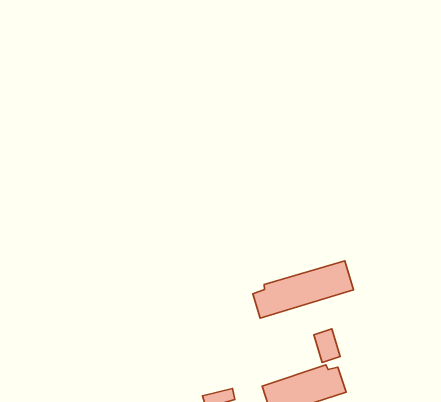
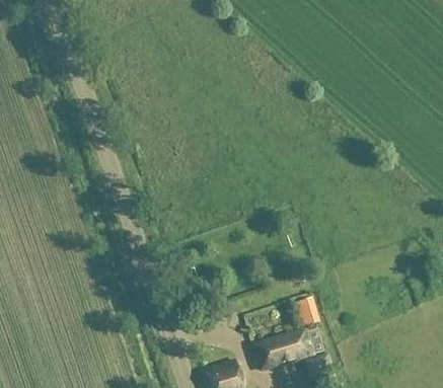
building: [253,261,354,318] -> none

